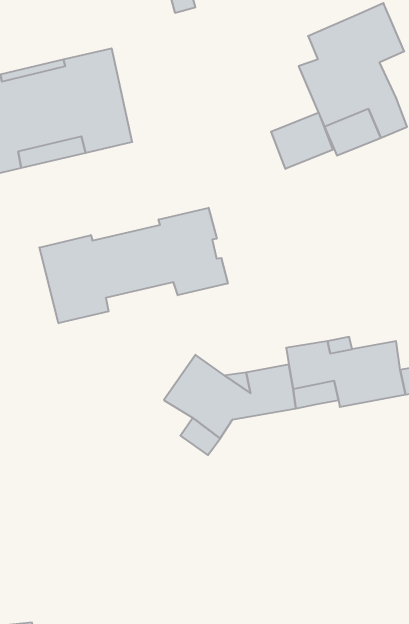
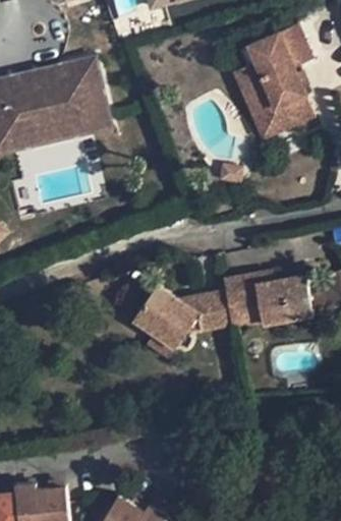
building: [271,112,333,169] -> none
building: [39,208,228,323] -> none

